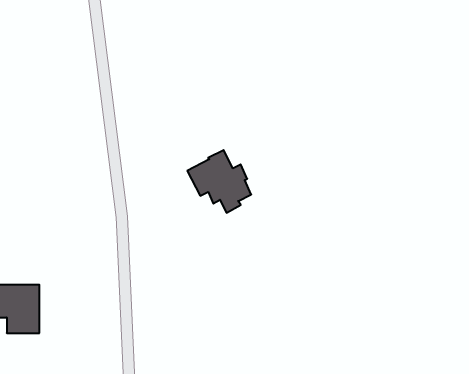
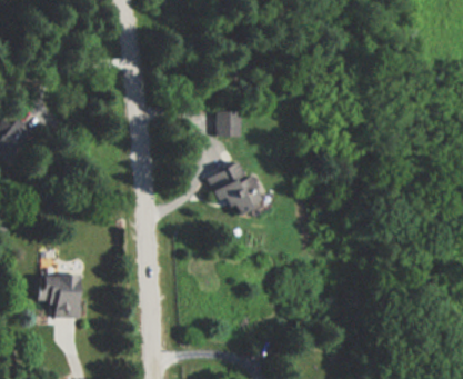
building: none -> [217,113,242,138]

